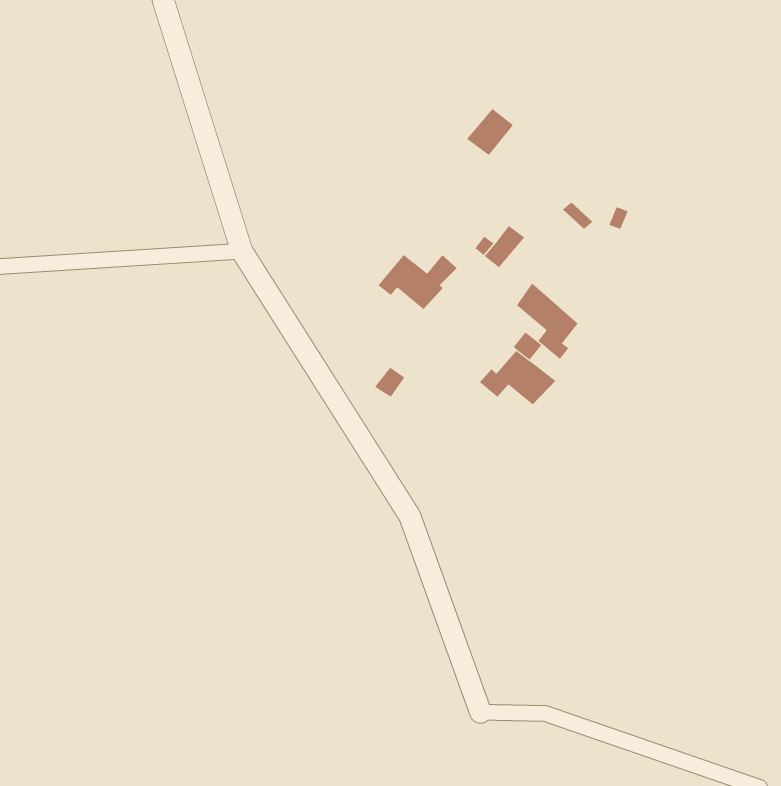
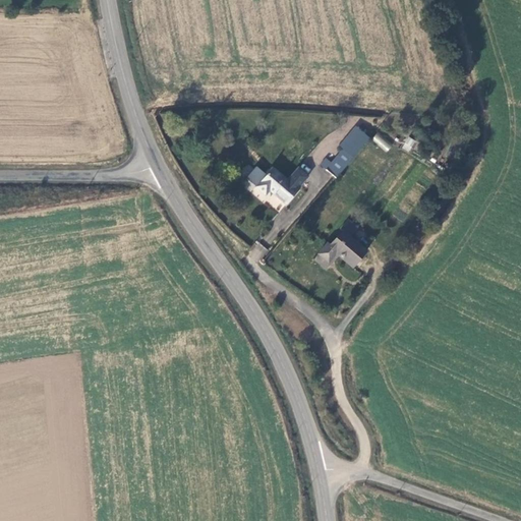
building: [466,108,514,156] -> [336,126,367,158]
building: [516,282,578,360] -> none

